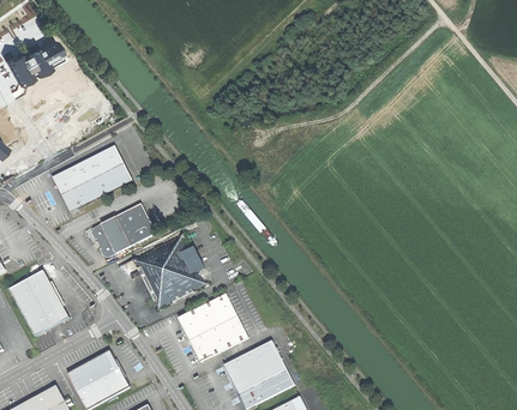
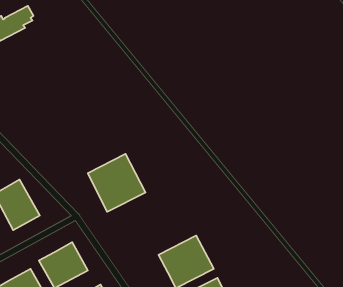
building: [53,145,133,211] -> none
building: [91,204,155,258] -> none
building: [176,294,247,362] -> none

